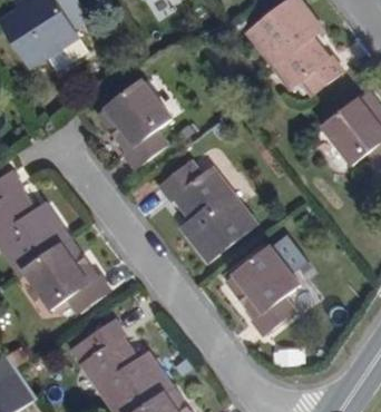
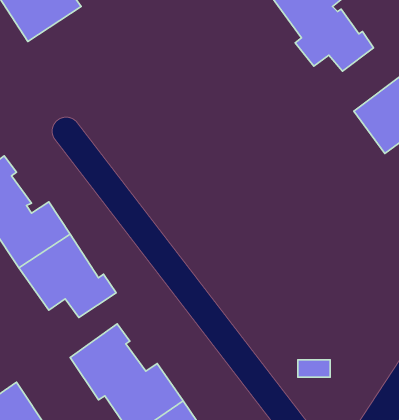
building: [98,75,172,163] -> none
building: [156,158,248,256] -> none
building: [227,244,300,332] -> none

